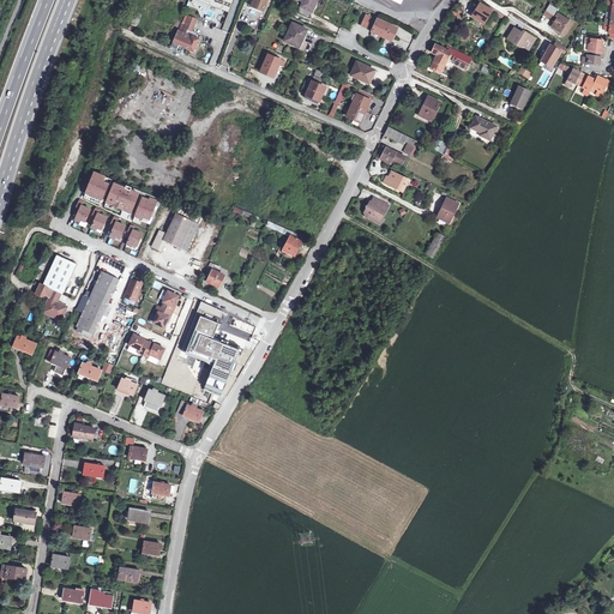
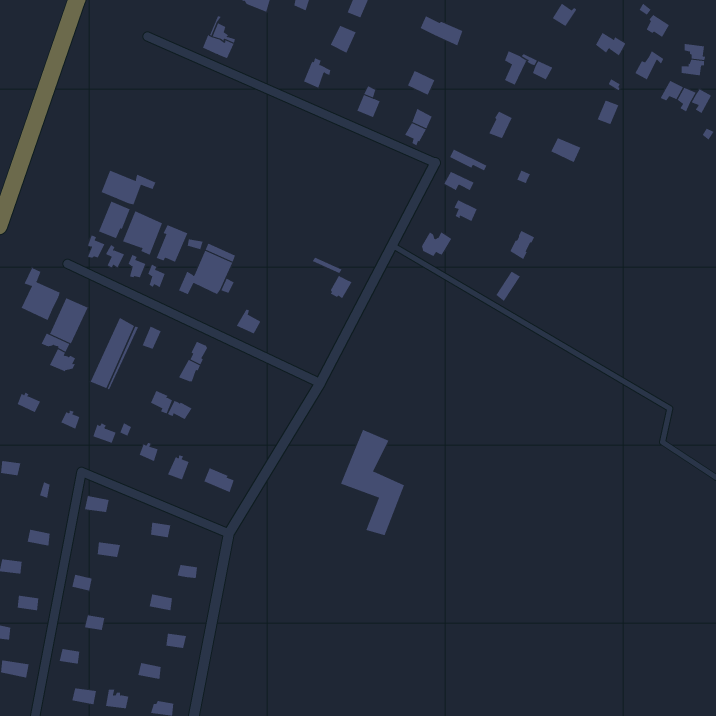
building: none -> [101,170,156,205]
building: none -> [21,267,60,321]
building: [181,302,236,393] -> [340,429,405,536]

